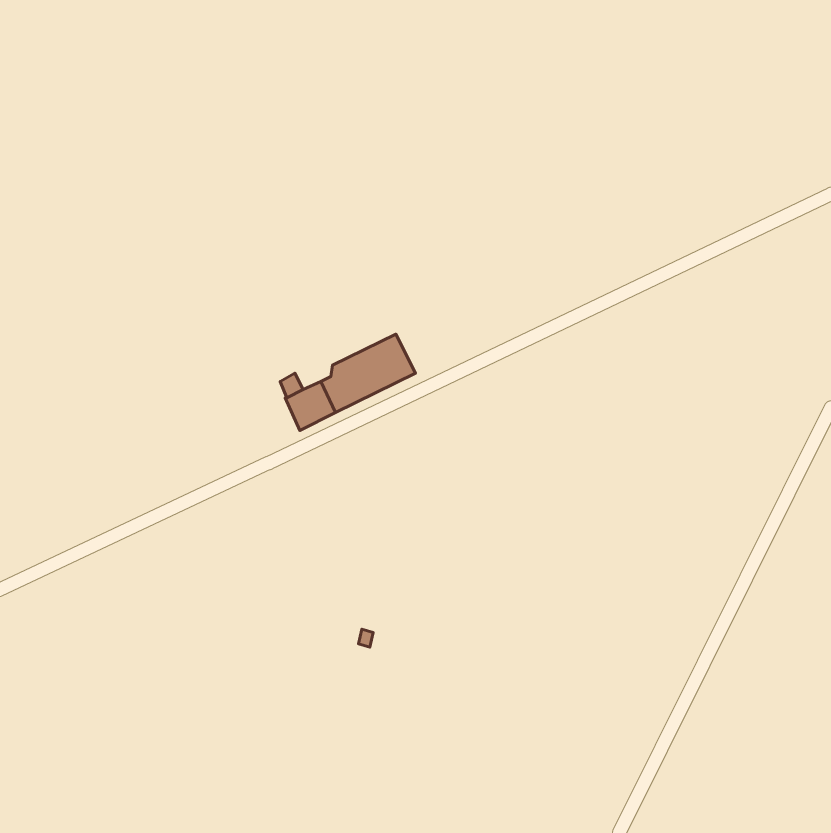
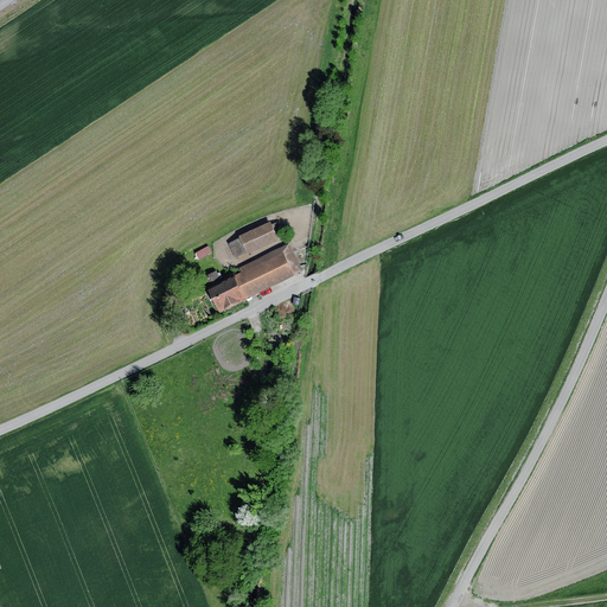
building: none -> [228,222,276,260]

